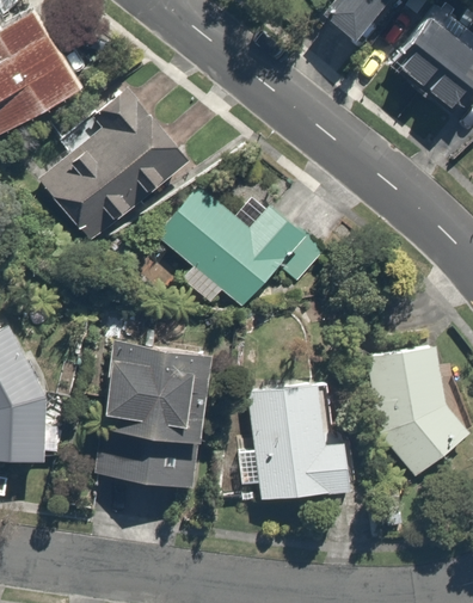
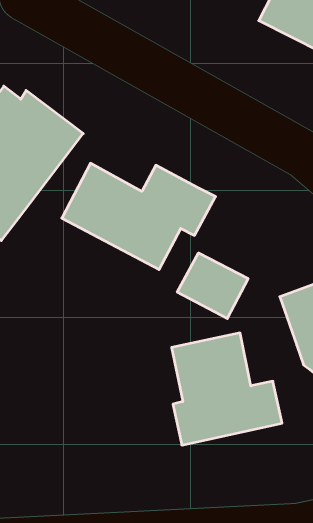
building: none -> [177,253,248,319]
building: [100,339,199,485] -> none

